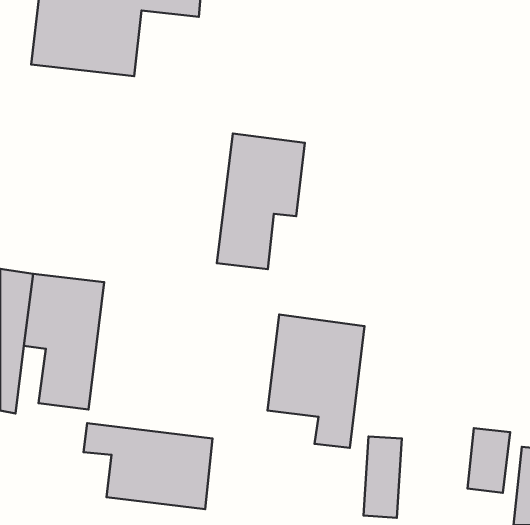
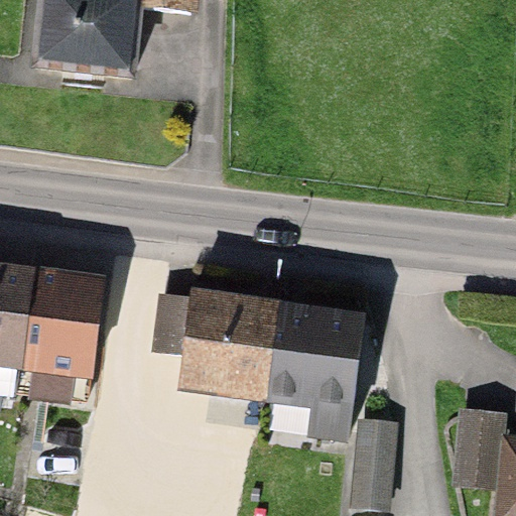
building: [217,134,305,269] -> none
building: none -> [156,292,272,397]
building: [83,423,212,509] -> none

